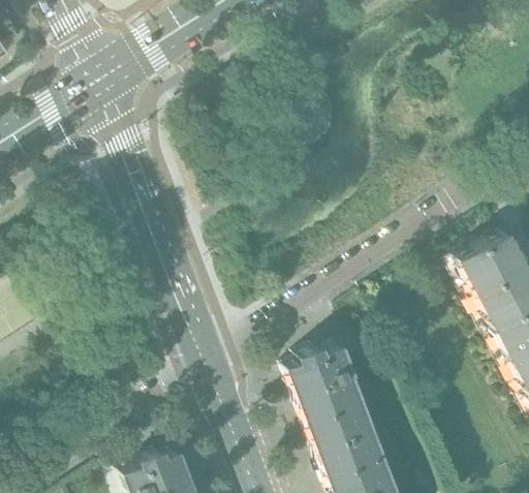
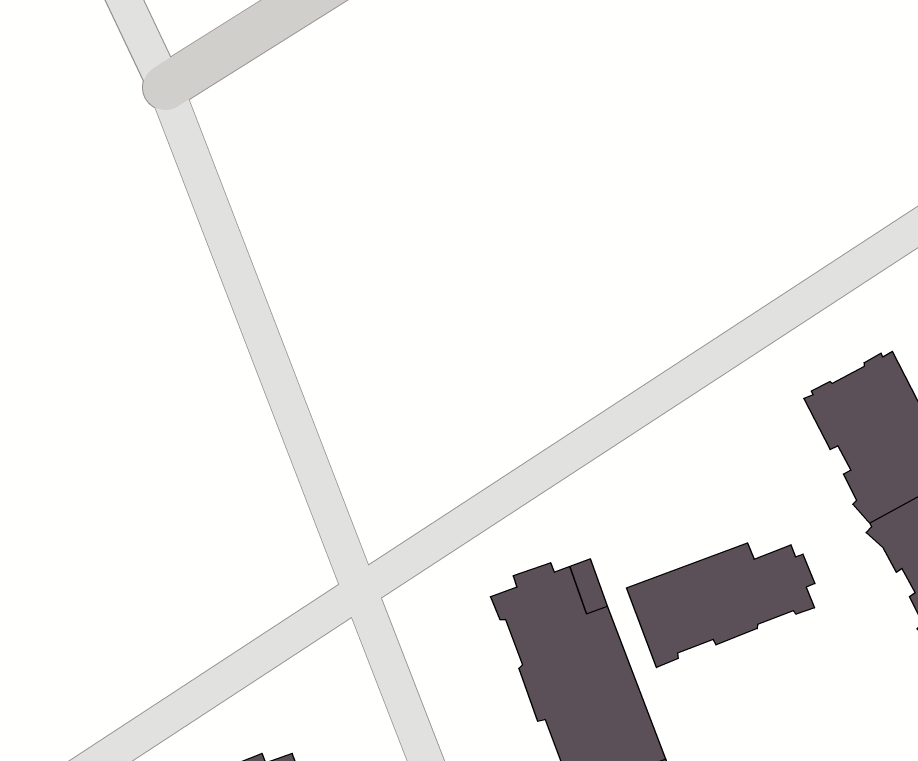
building: none -> [627,543,815,668]

